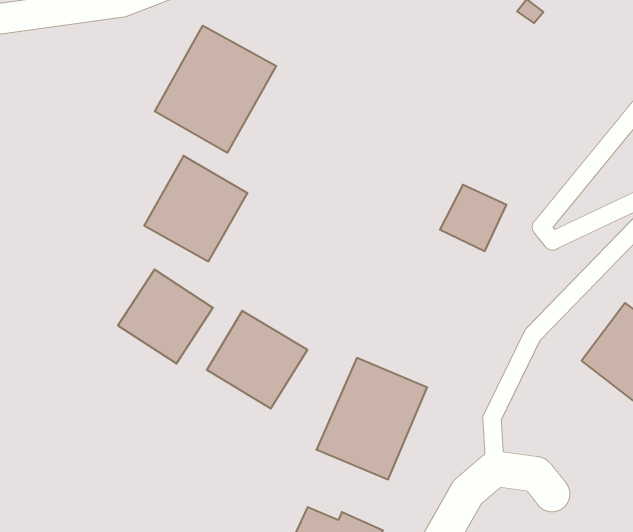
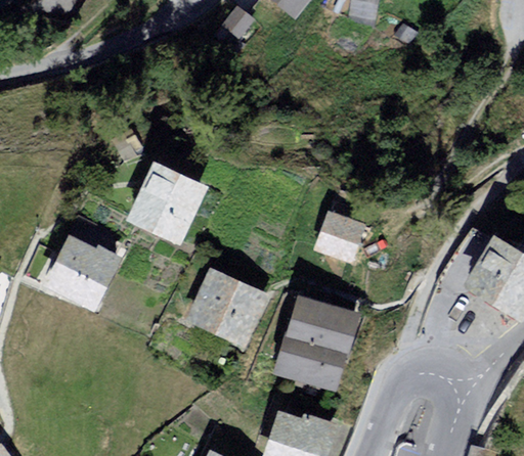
building: [155,26,276,153] -> none
building: [440,185,506,251] -> [314,212,361,259]
building: [118,269,213,364] -> [50,239,119,307]

